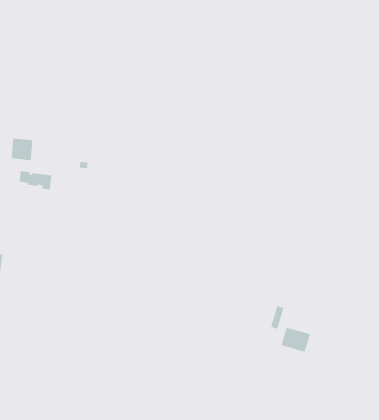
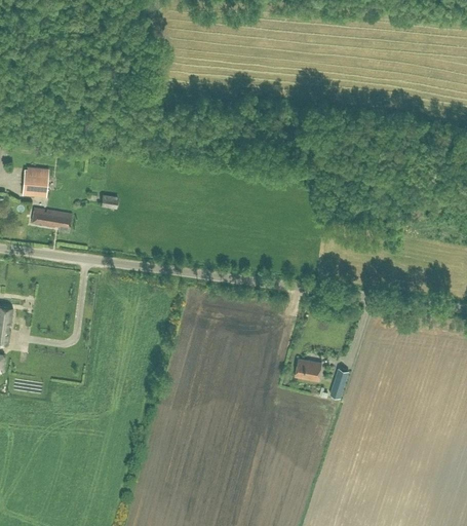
building: none -> [296,359,321,380]
building: [280,327,311,353] -> none

